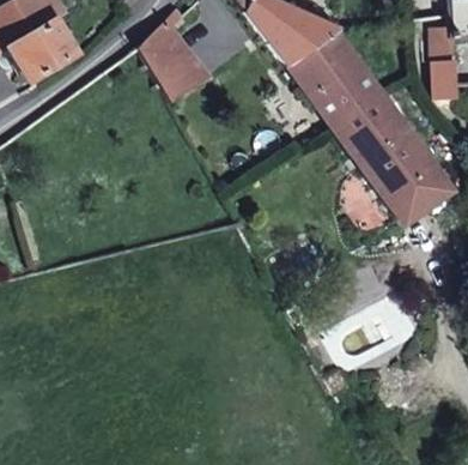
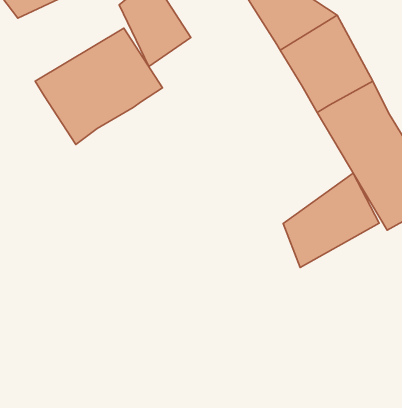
building: none -> [35,28,163,144]
building: none -> [283,173,379,267]

